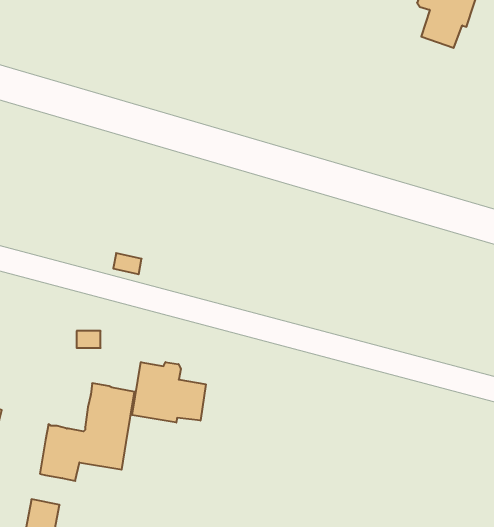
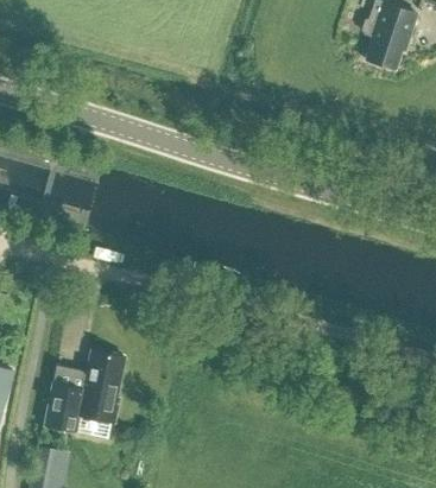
building: [132,362,206,423] -> none

